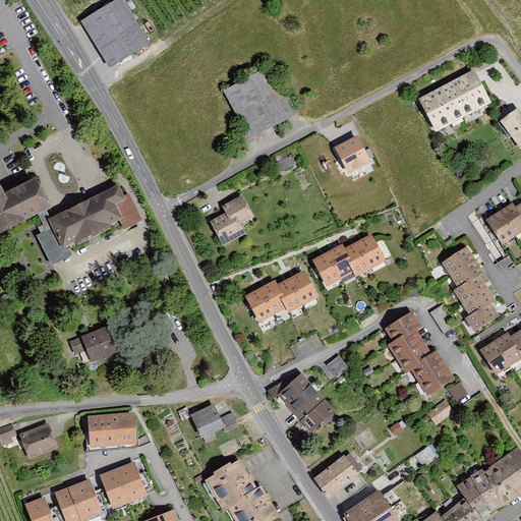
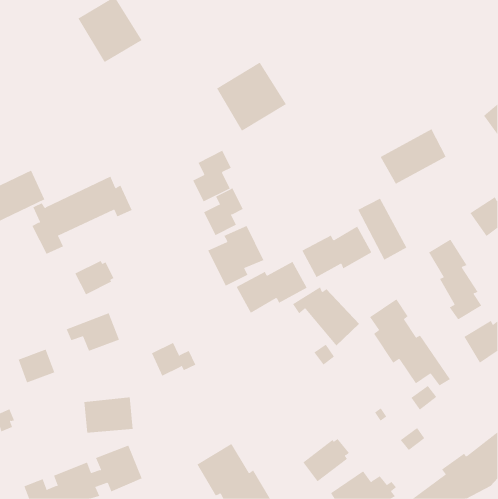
building: [419,69,488,127] -> [380,128,447,184]
building: [335,132,369,168] -> none
building: none -> [193,150,232,202]
building: none -> [358,198,407,260]
building: none -> [207,225,264,286]
building: none -> [74,260,114,295]
building: [266,372,336,435] -> [292,287,360,346]
building: [190,404,237,440] -> [151,342,196,377]
building: [19,423,58,459] -> [18,349,55,383]

